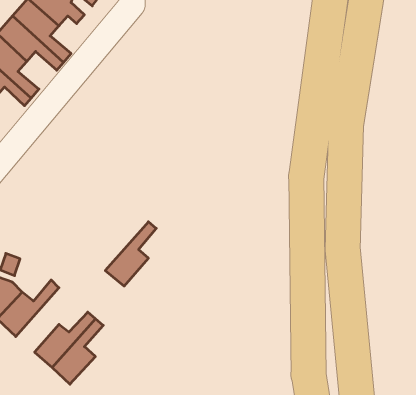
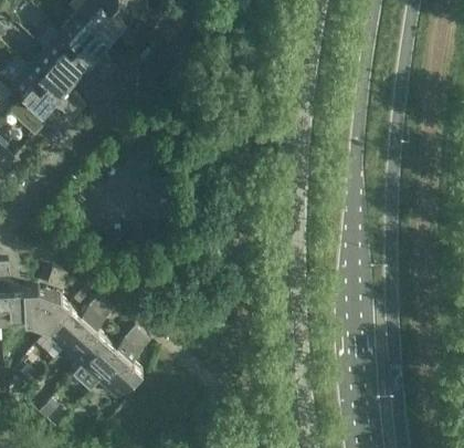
building: [105,222,156,286] -> [63,303,114,367]

